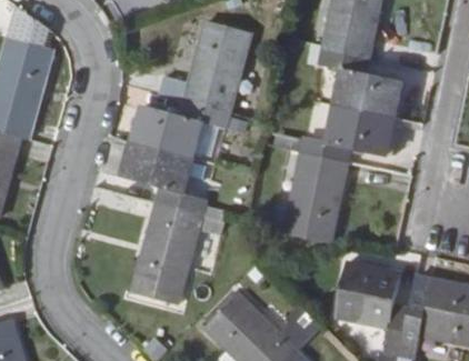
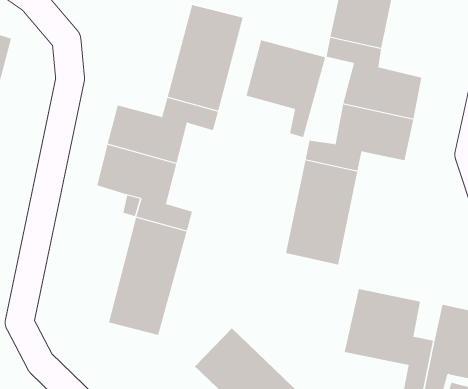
building: none -> [246,40,326,138]

